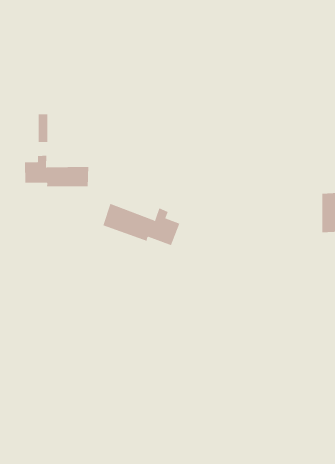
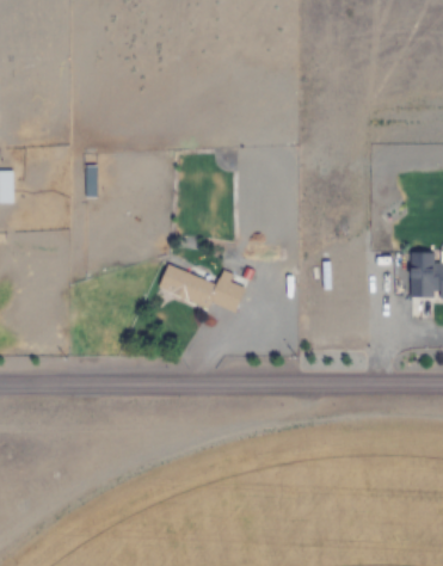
building: [24,155,89,187] -> none

